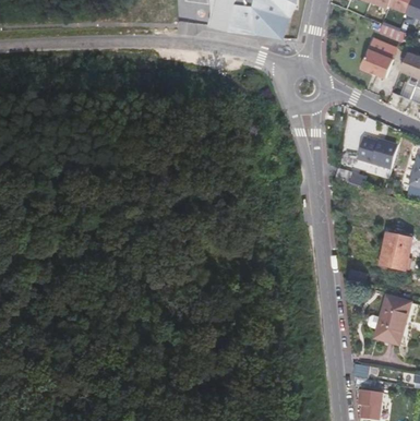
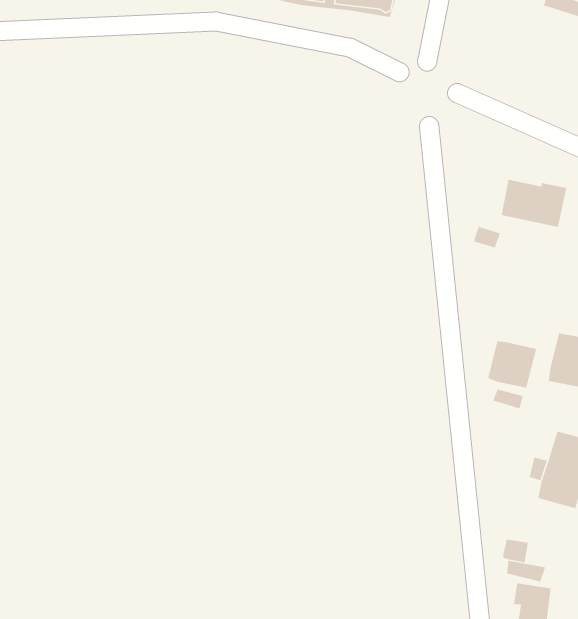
building: [360,39,395,79] -> none
building: none -> [487,341,537,388]

